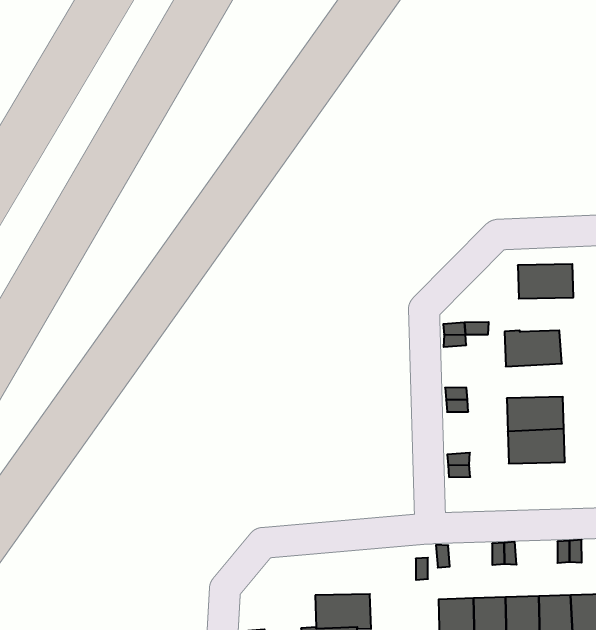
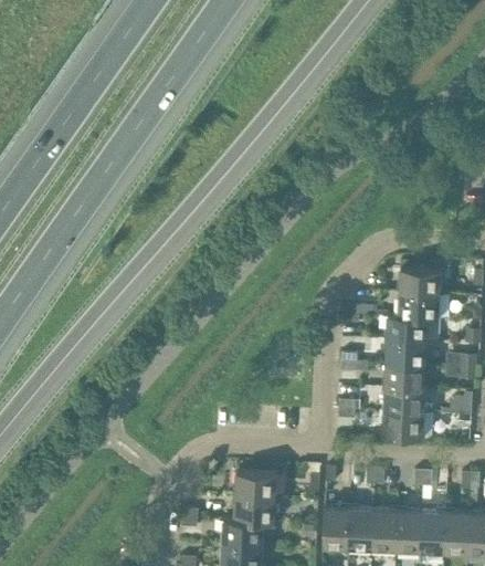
building: none -> [399,293,440,321]
building: none -> [386,342,428,367]
building: none -> [382,412,424,440]
building: none -> [235,473,276,500]

